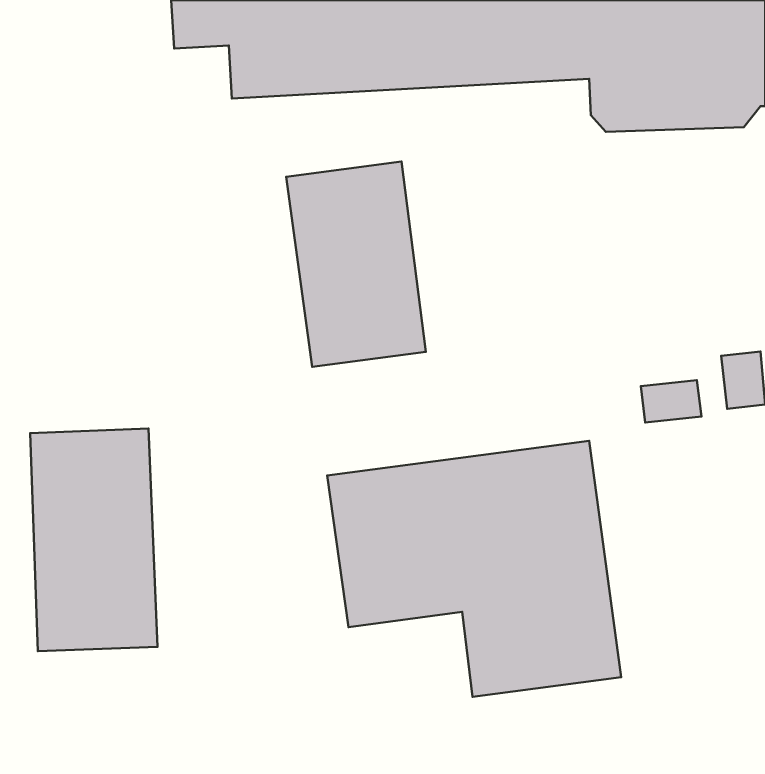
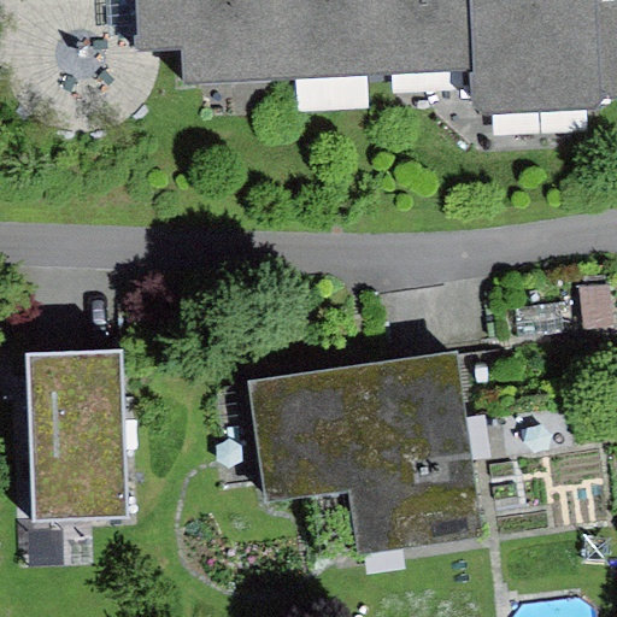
building: [286,161,426,367] -> none

